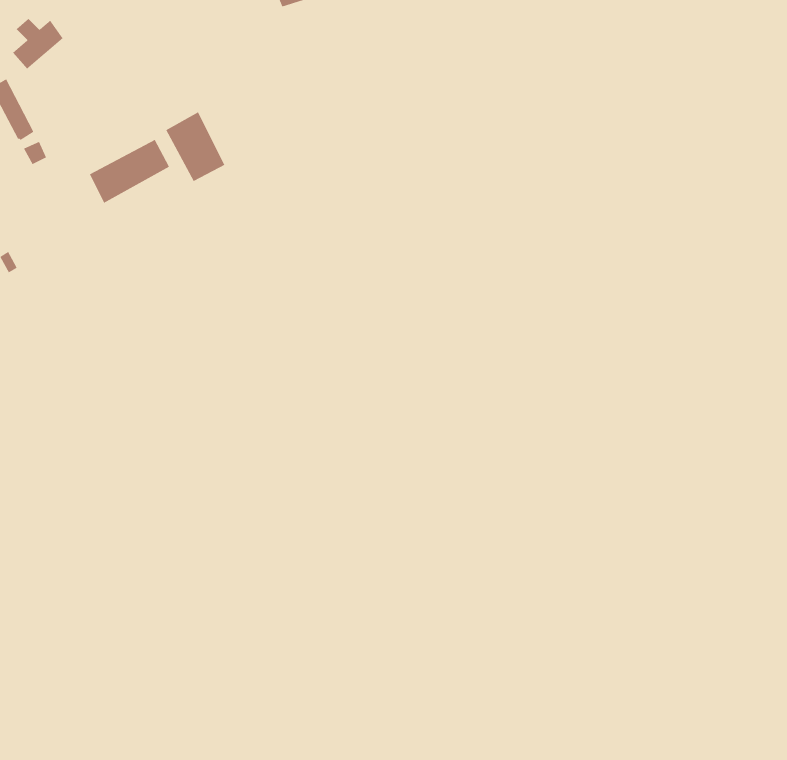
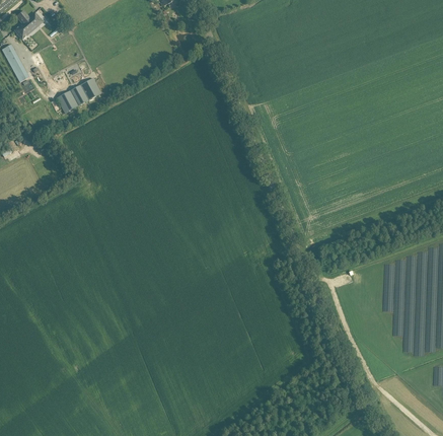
building: [165,112,225,182] -> none

